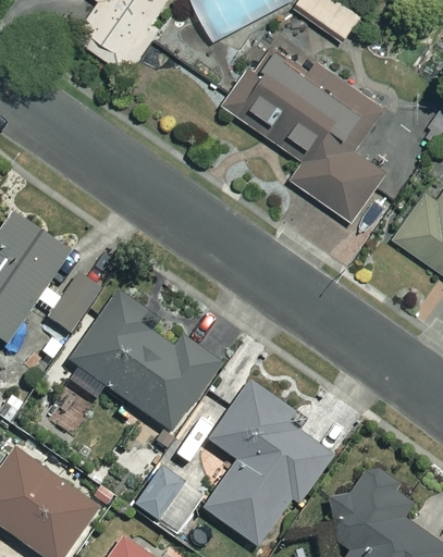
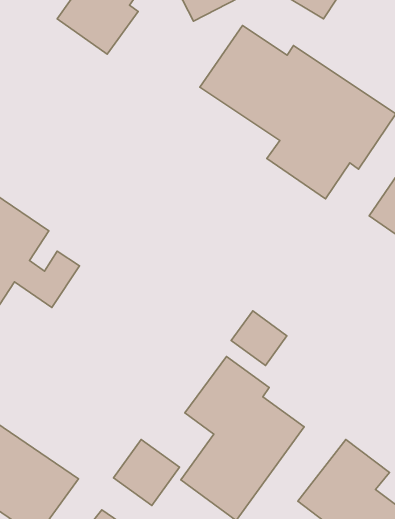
building: [69,293,238,431] -> none
building: none -> [231,311,287,365]

